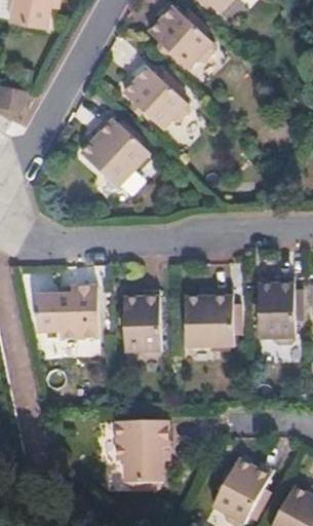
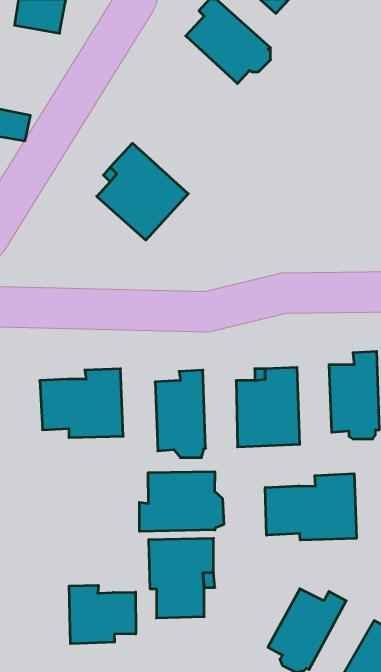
building: [123,61,187,127] -> none
building: none -> [139,472,224,531]
building: none -> [265,474,356,540]
building: none -> [69,585,136,644]

